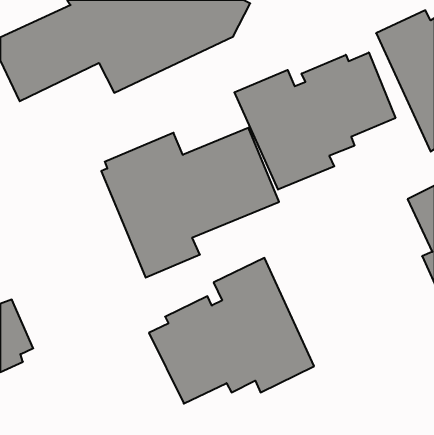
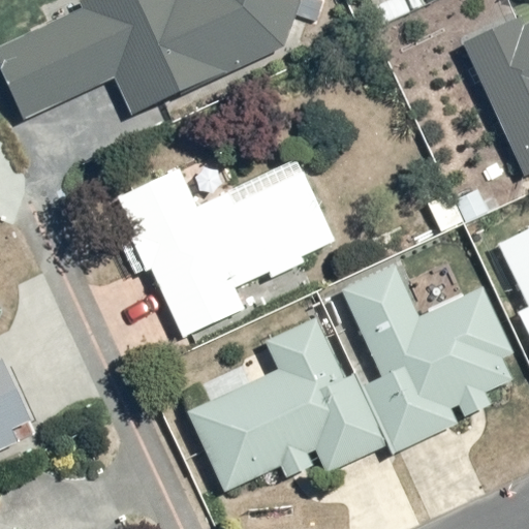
building: [234,52,395,190] -> none
building: none -> [317,264,523,458]

